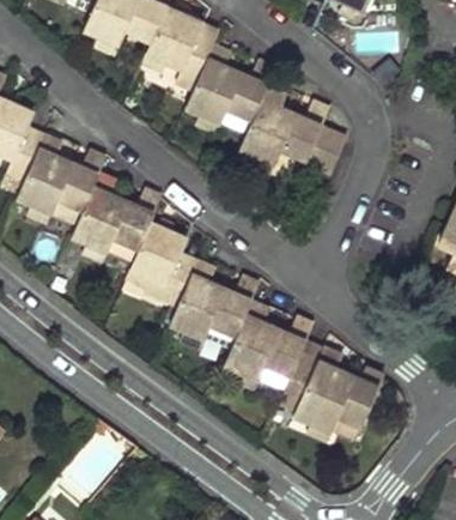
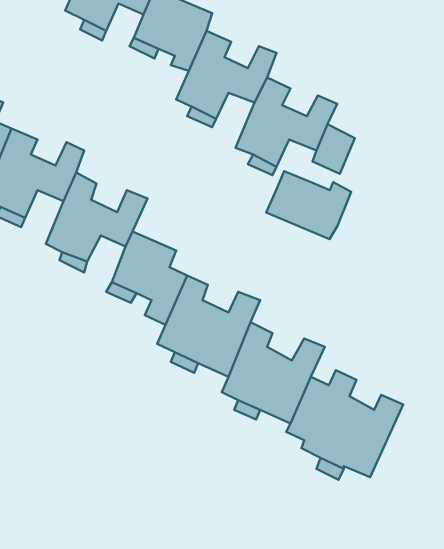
building: none -> [266,171,351,239]

